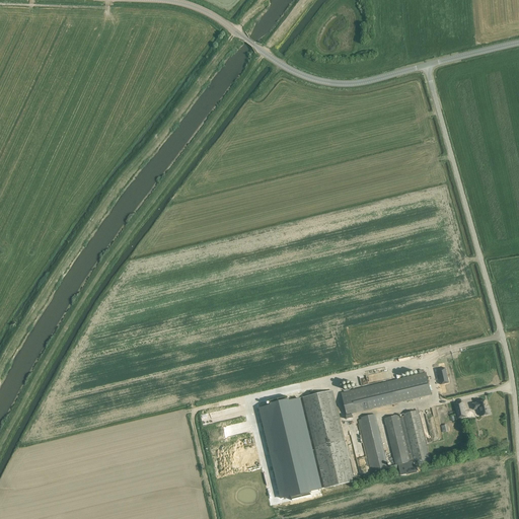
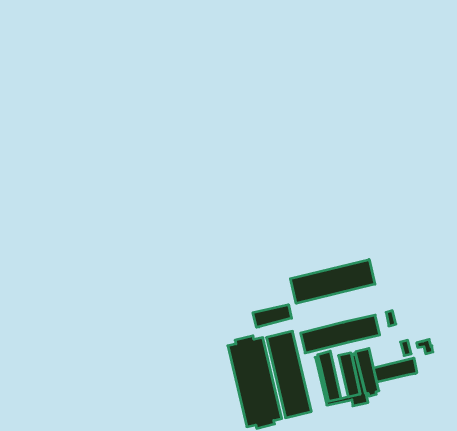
building: none -> [290,259,375,303]
building: none -> [253,305,292,327]
building: none -> [374,358,417,382]

